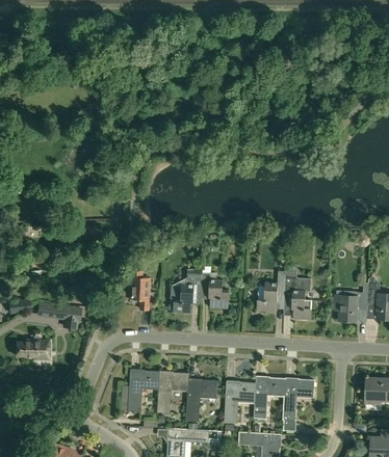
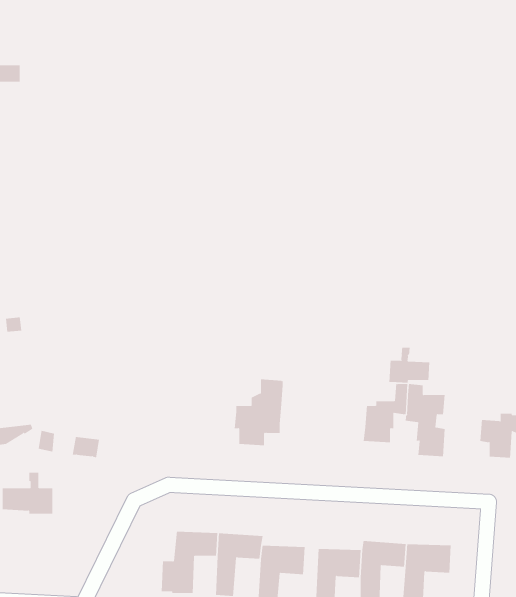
building: none -> [389,347,430,384]
building: [131,270,150,310] -> none
building: [202,272,229,308] -> none

